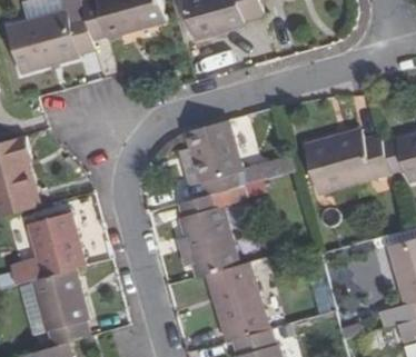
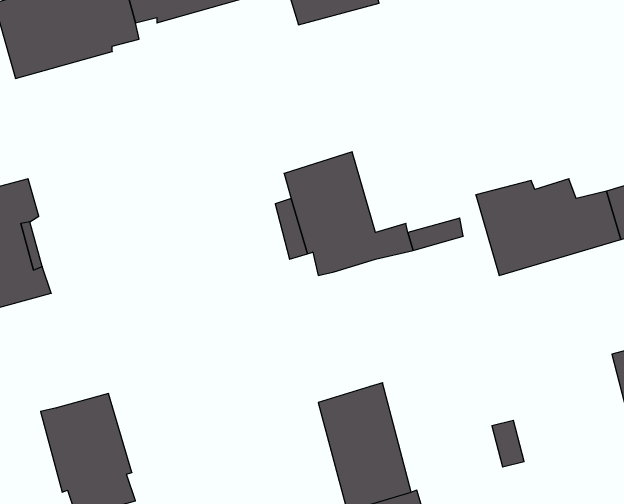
building: [178,194,237,277] -> none
building: [28,215,85,278] -> none

